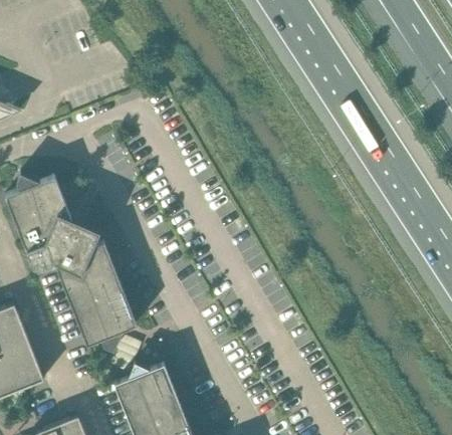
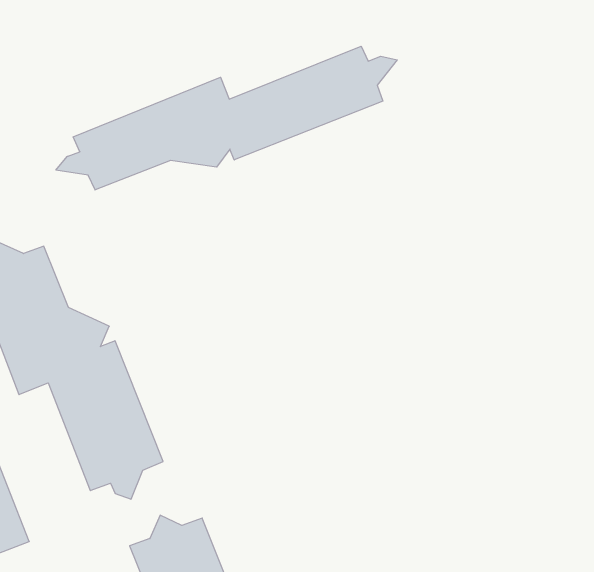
building: none -> [56,46,397,190]

